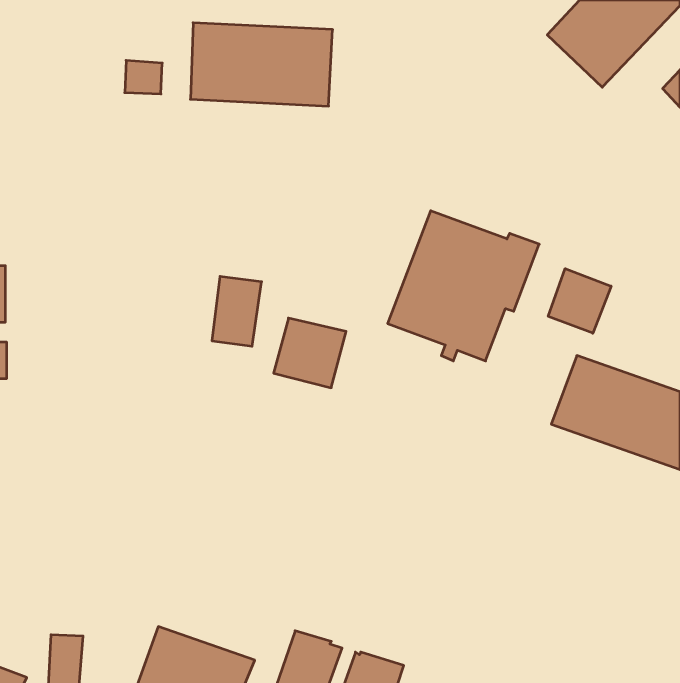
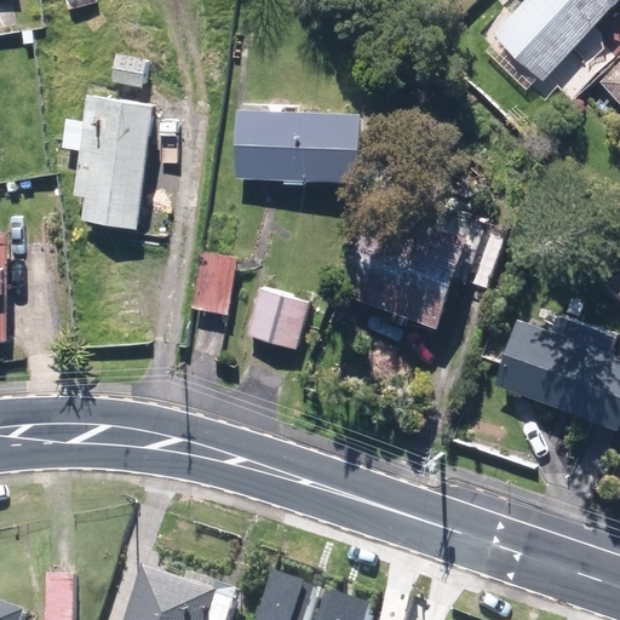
building: [190,23,333,106] -> [236,108,364,183]
building: none -> [64,96,151,228]
building: [548,269,611,333] -> none

